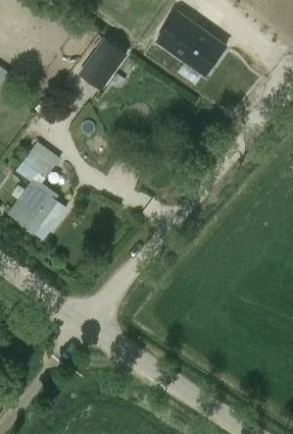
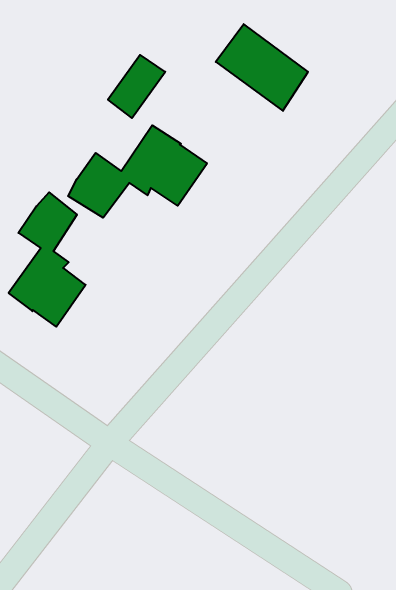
building: none -> [68,125,207,218]

